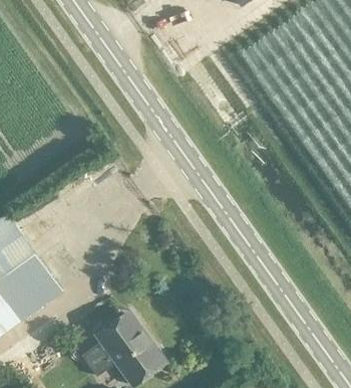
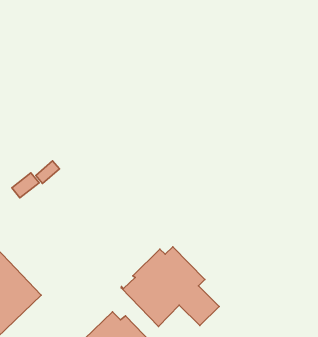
building: none -> [121,247,219,326]

